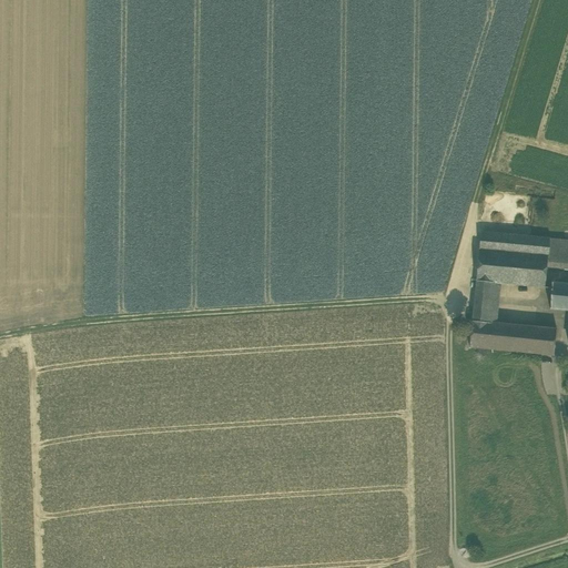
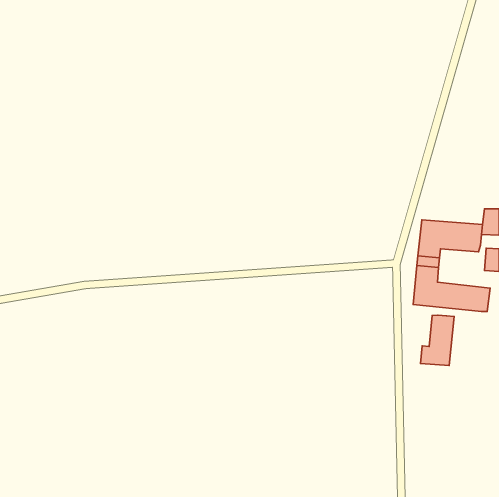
building: [479,231,550,255] -> none
building: none -> [421,315,454,365]

